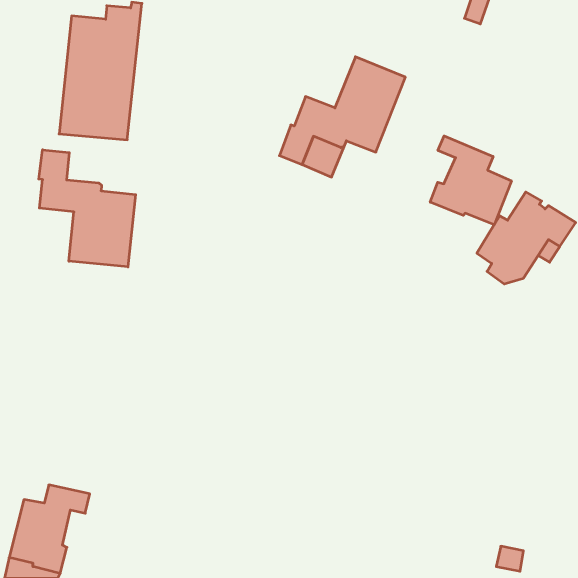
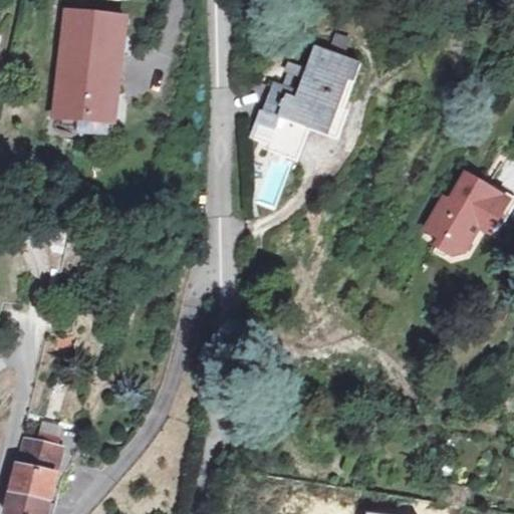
building: [430,136,511,225] -> none
building: [39,150,136,267] -> none

